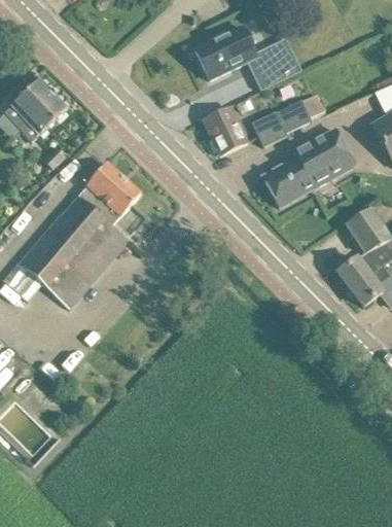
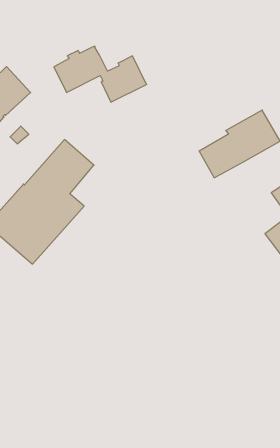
building: [194,26,301,91] -> [54,46,147,102]
building: [251,98,311,146] -> none
building: [203,107,247,155] -> none

